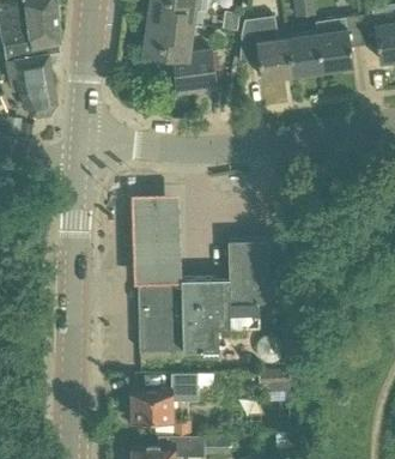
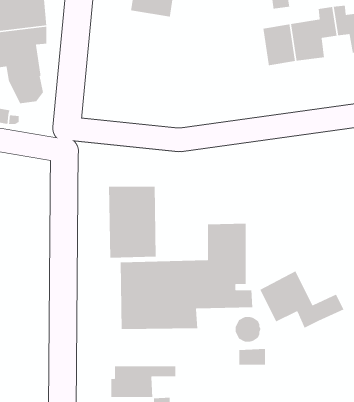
building: [239,17,291,81] -> none
building: [142,19,219,92] -> none
building: none -> [259,270,345,329]

